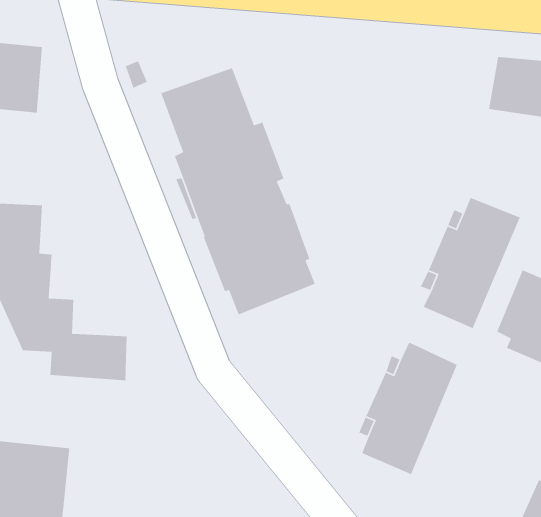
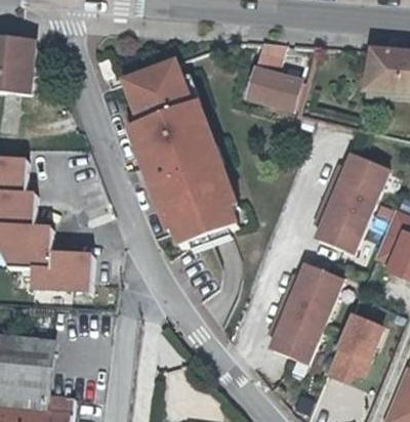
building: none -> [248,41,308,108]
building: none -> [324,311,380,382]

